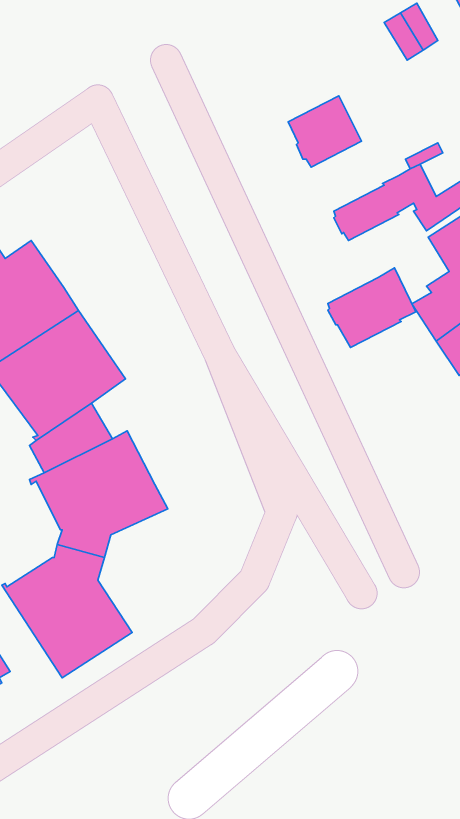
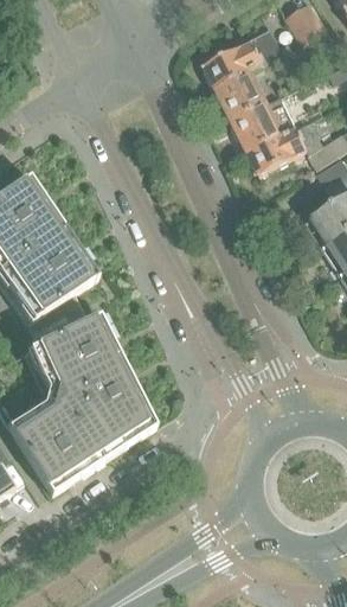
building: none -> [205,28,284,89]
building: [328,268,416,348] -> [233,96,297,154]
building: none -> [78,371,156,461]

